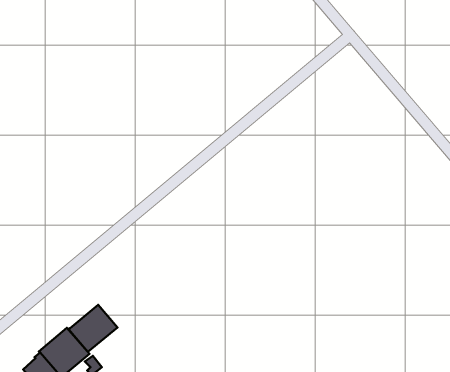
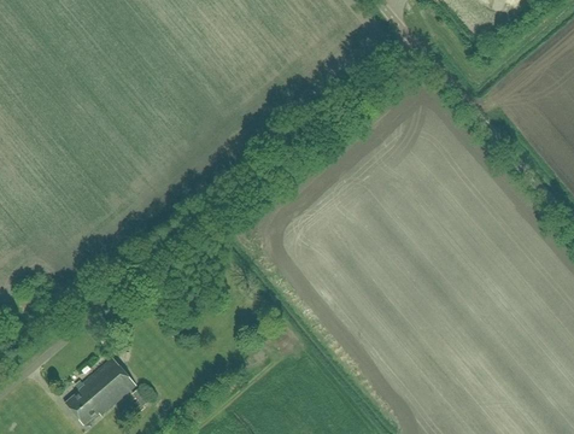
building: [69,305,117,352] -> none

